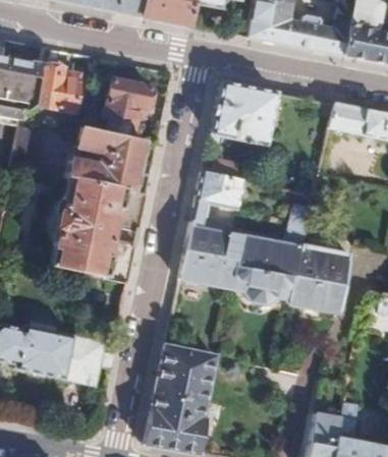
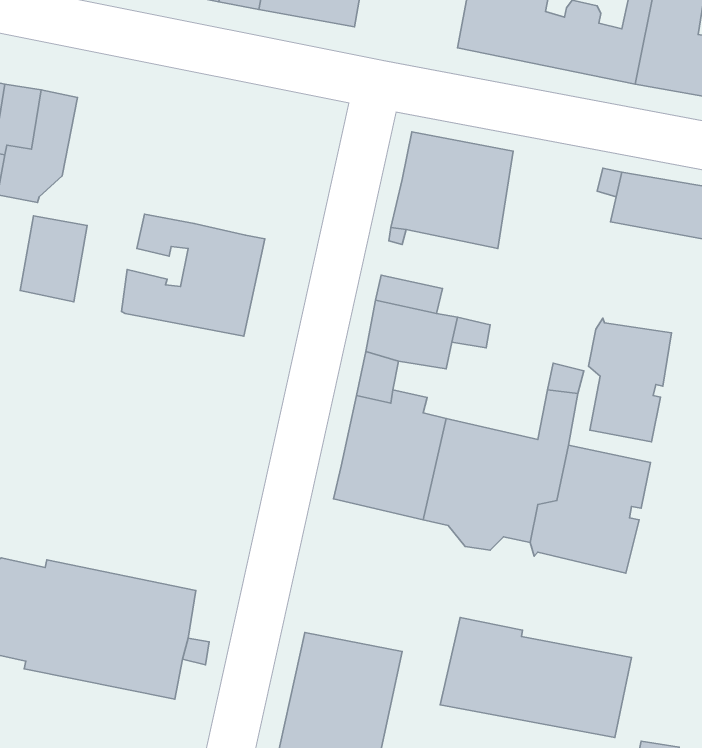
building: [36,63,81,113] -> none
building: [103,77,153,136] -> none
building: [51,178,149,282] -> none
building: none -> [588,318,671,442]
building: none -> [440,618,632,738]

